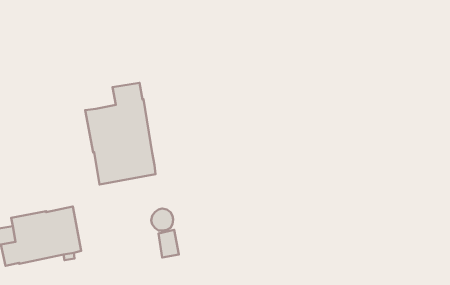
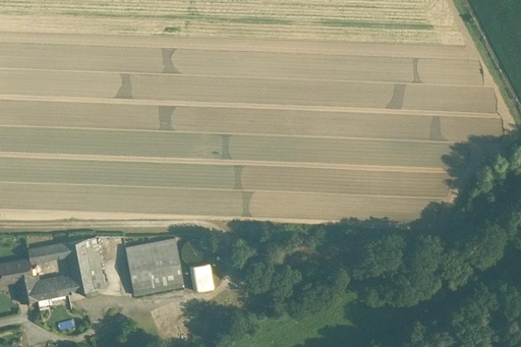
building: [85,83,156,184] -> none
building: none -> [125,238,184,295]

